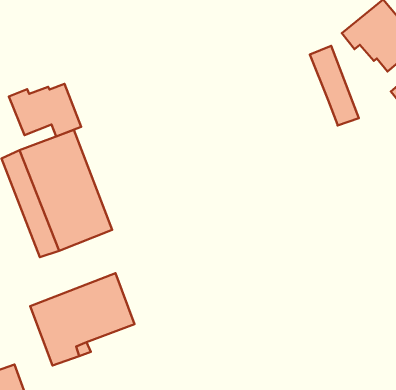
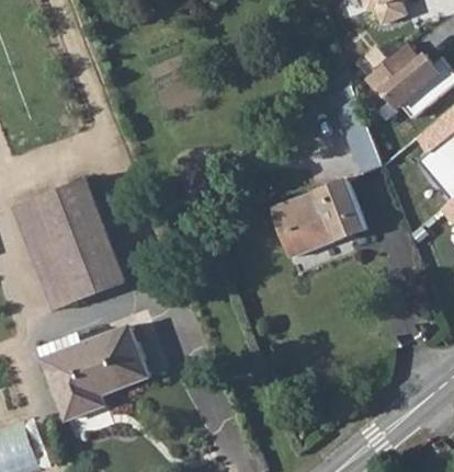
building: [9,84,81,136] -> none
building: none -> [270,177,367,257]

